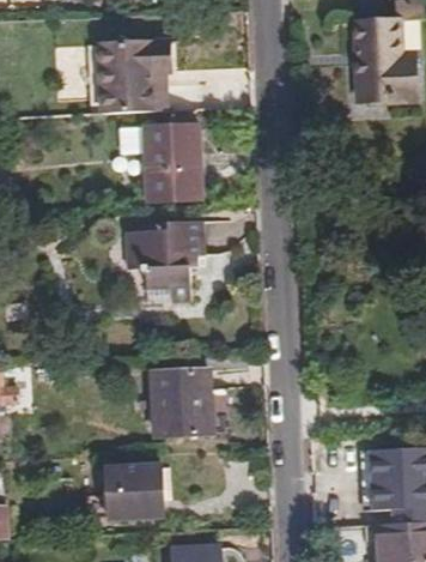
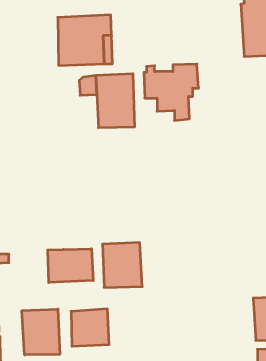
building: [127,219,206,301] -> [144,64,199,120]
building: none -> [48,249,93,283]
building: none -> [22,309,60,355]

